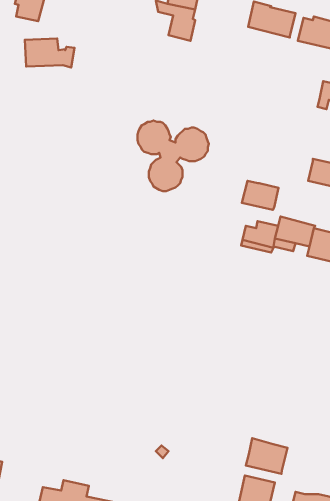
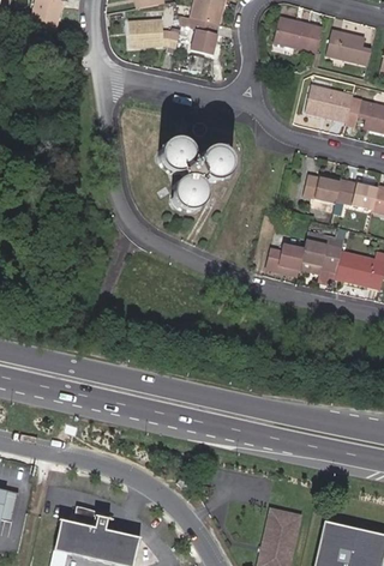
building: [25,39,75,68] -> [128,19,180,49]
building: none -> [305,85,353,116]
building: [242,181,279,210] -> [302,174,341,204]
building: [246,438,287,474] -> none

